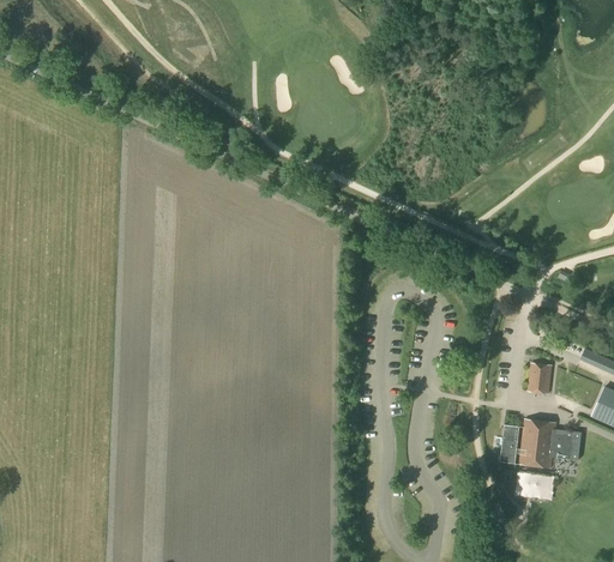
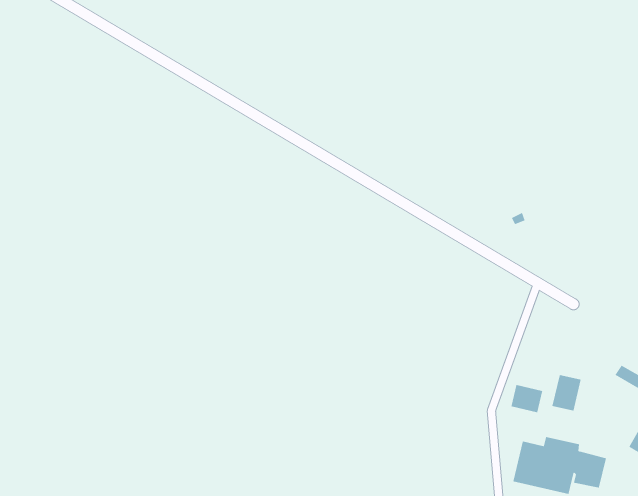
building: none -> [511,384,543,413]

